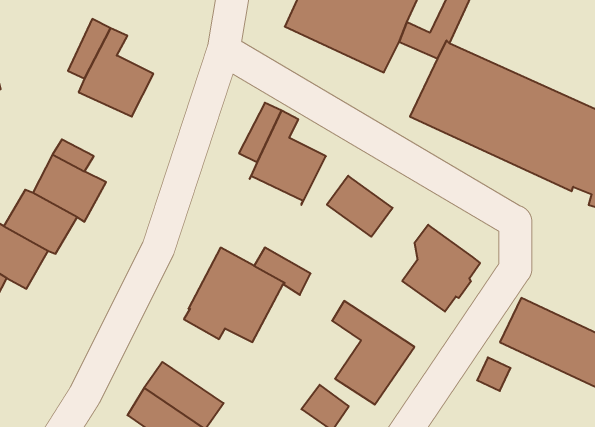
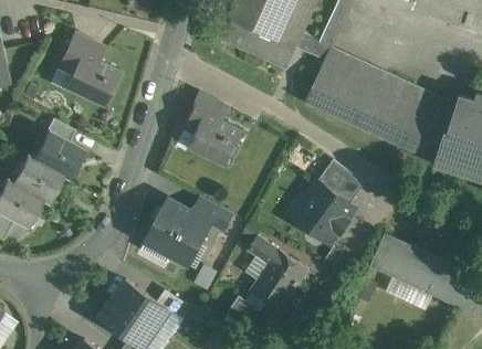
building: [327,176,393,237] -> [317,160,365,204]

